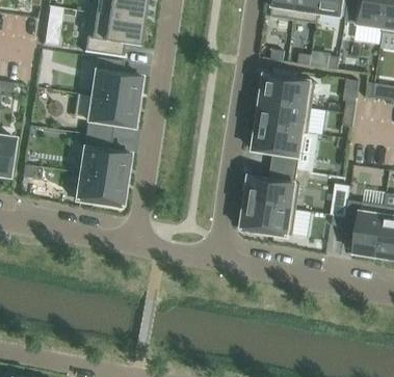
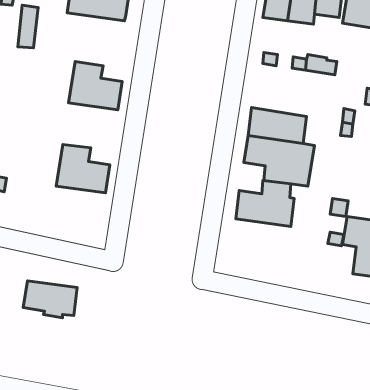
building: [85,12,145,56] -> none
building: [262,75,317,108] -> none
building: [75,92,138,137] -> none
building: [77,172,127,207] -> [23,281,77,318]
building: [243,203,313,237] -> none

